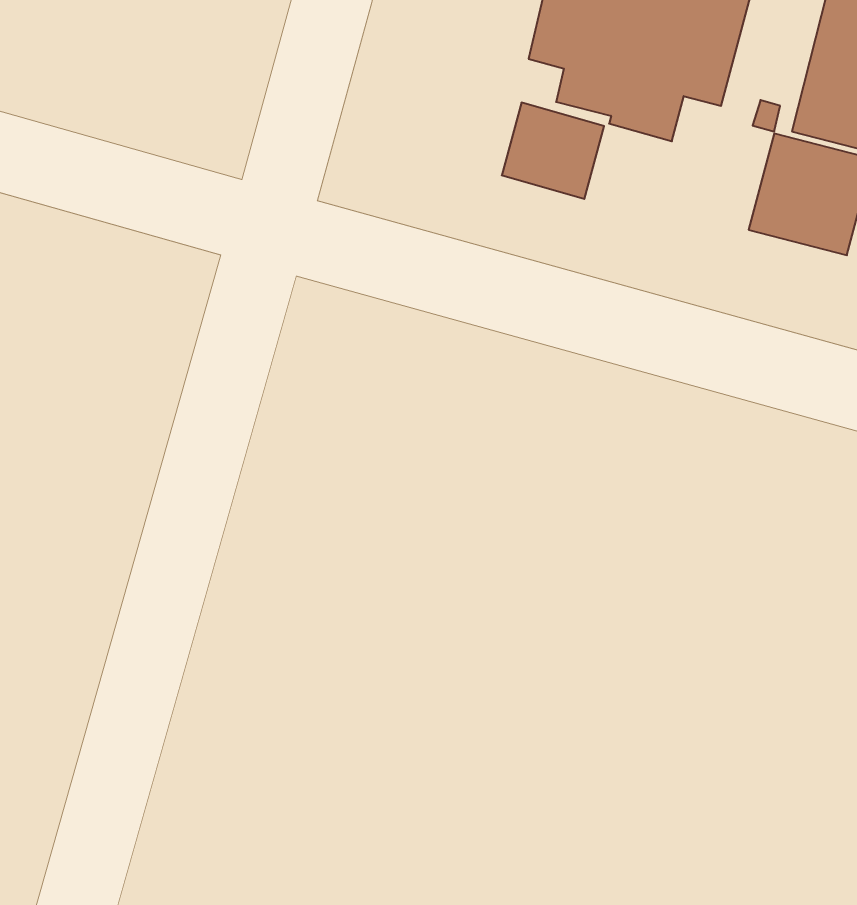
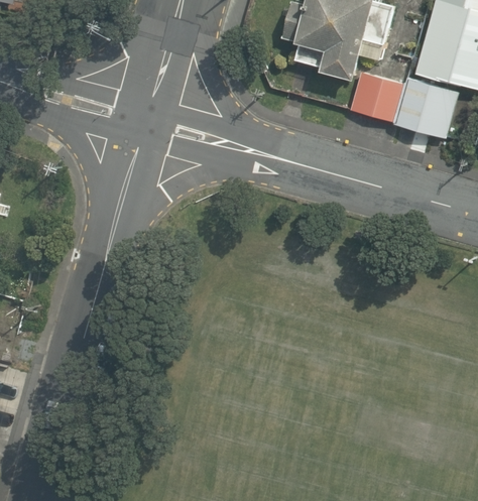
building: [502,103,604,199] -> [350,69,402,118]

